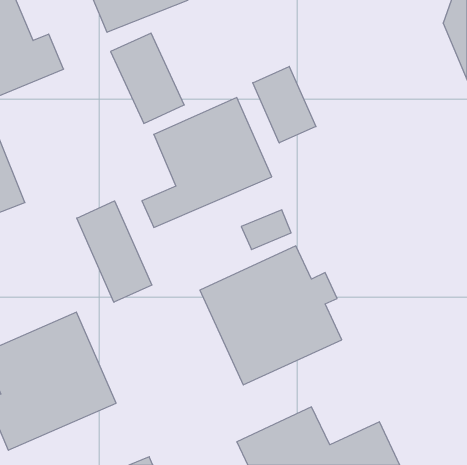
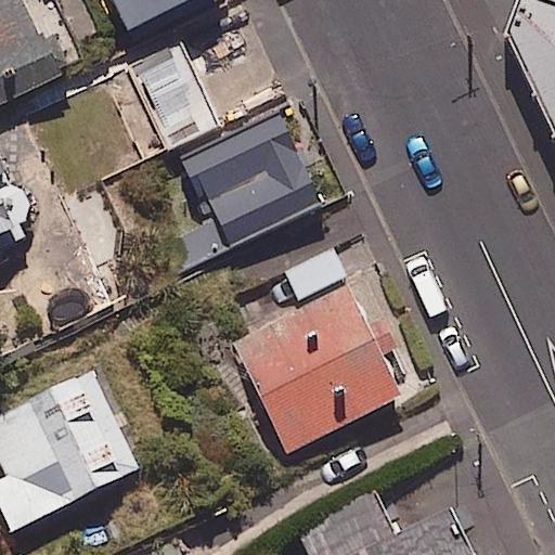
building: [253,66,316,143] -> none
building: [77,201,152,302] -> none

